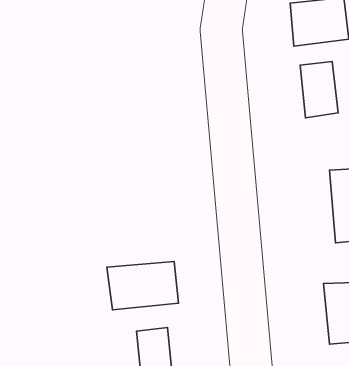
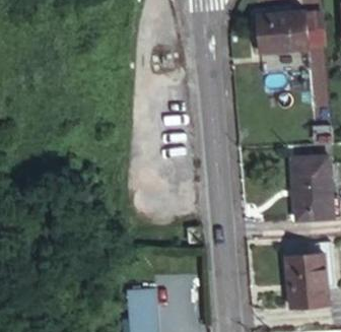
building: [300,61,338,118] -> none
building: [107,261,178,310] -> none

